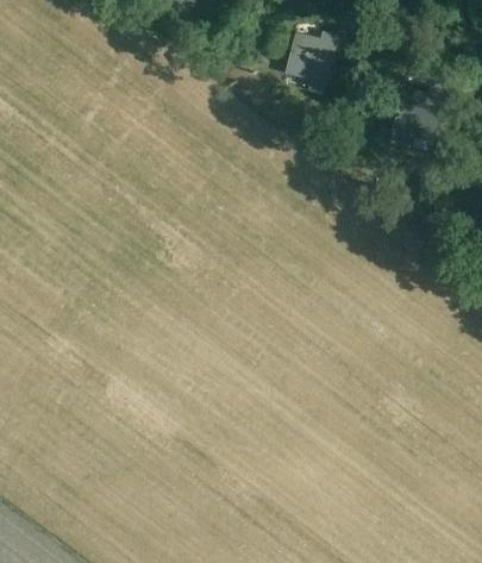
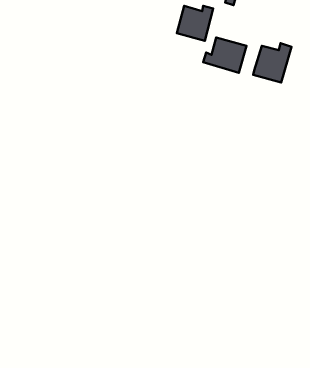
building: none -> [203,37,247,73]

